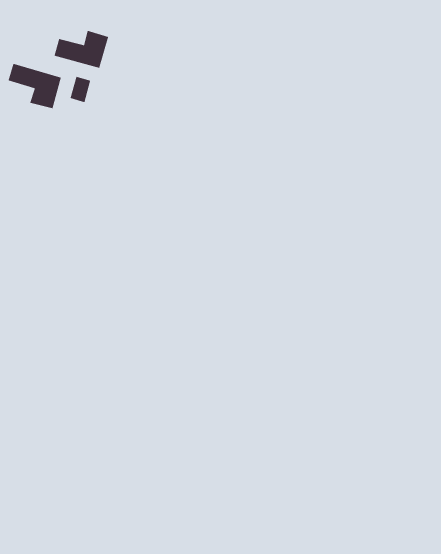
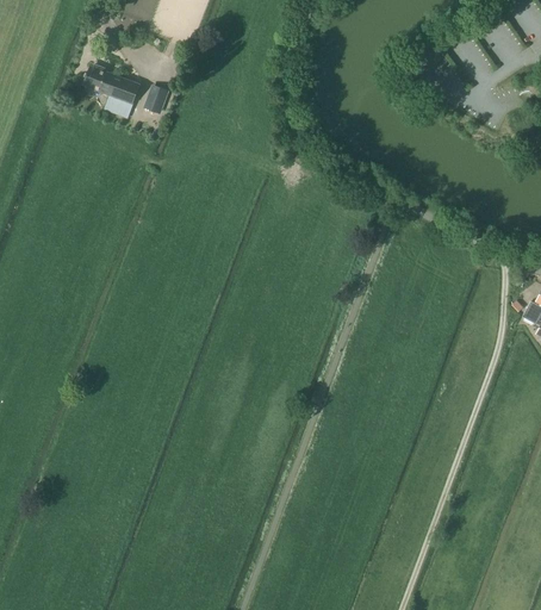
building: [54,30,109,69] -> none

